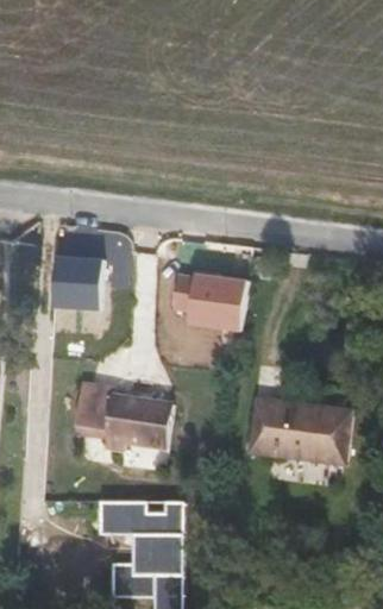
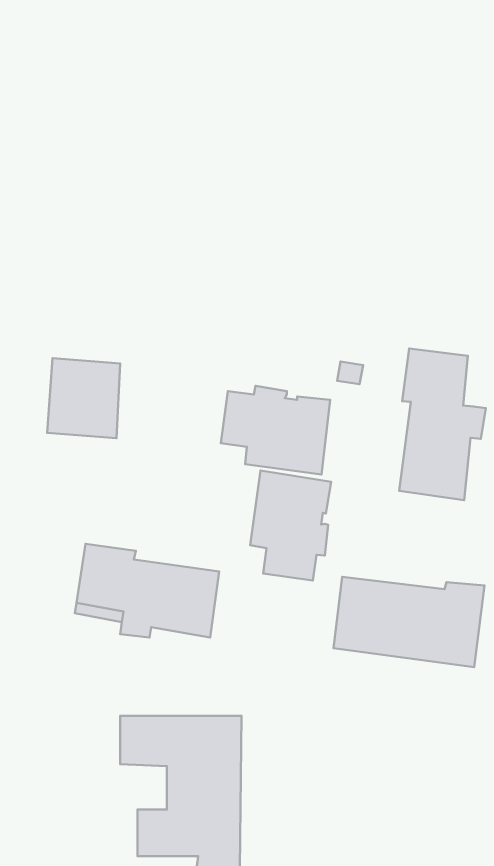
building: none -> [399,349,486,500]
building: none -> [250,471,331,580]

